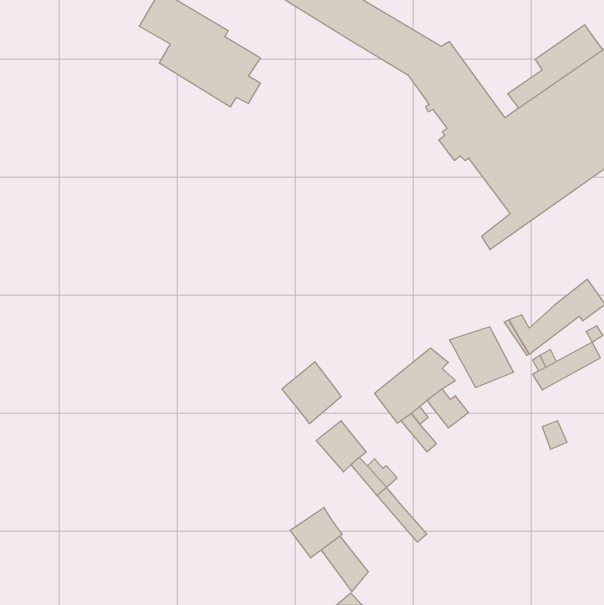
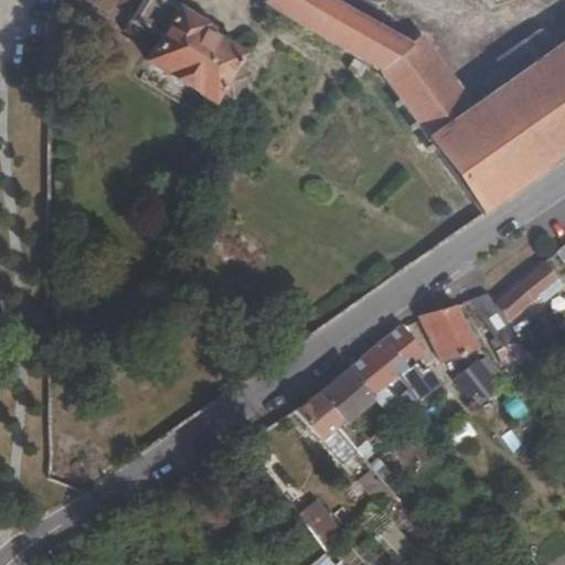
building: [282,362,341,424] -> [320,365,375,423]
building: none -> [455,358,503,405]
building: [290,507,342,558] -> none

